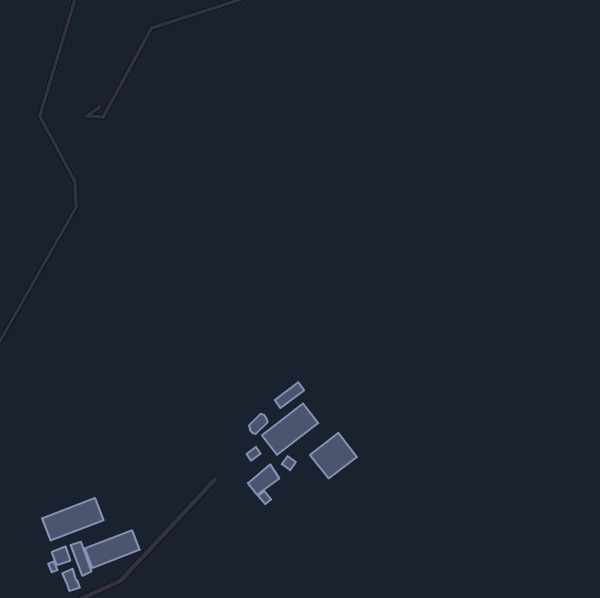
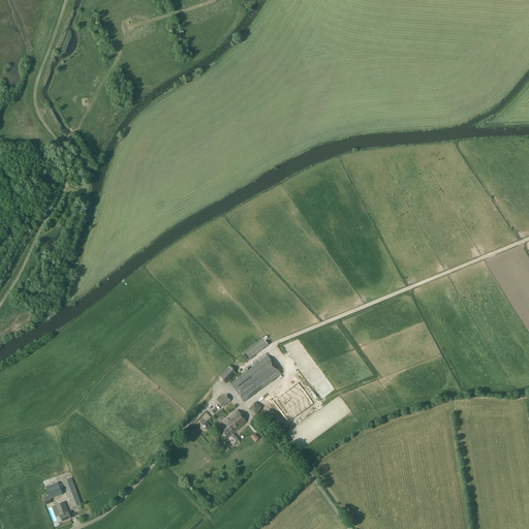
building: [42,498,104,541] -> none
building: [85,530,140,568] -> none

